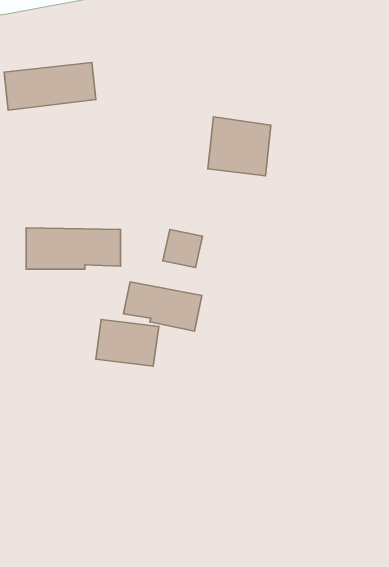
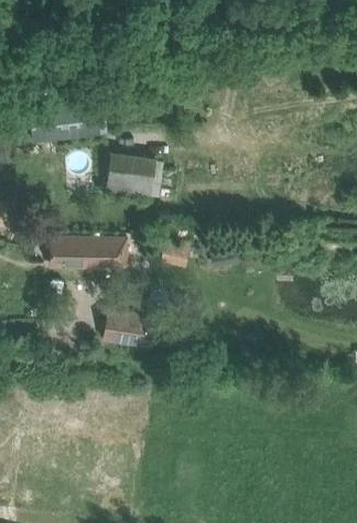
building: [208,117,271,176] -> [105,153,155,200]
building: [124,282,202,331] -> none

